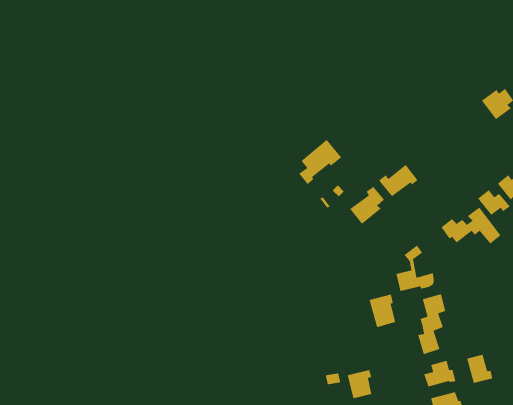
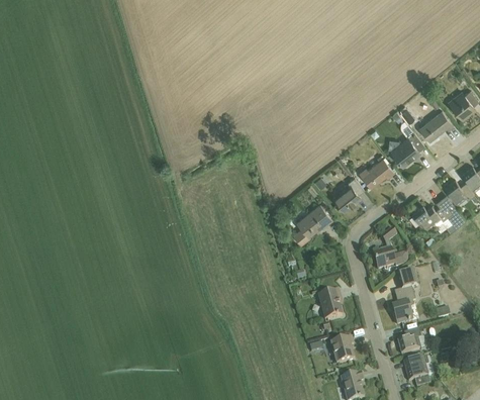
building: none -> [418,109,453,139]
building: none -> [391,119,424,165]
building: [298,139,342,185] -> [294,202,332,242]
building: [369,294,396,328] -> [317,289,342,319]
building: [466,354,493,384] -> none

